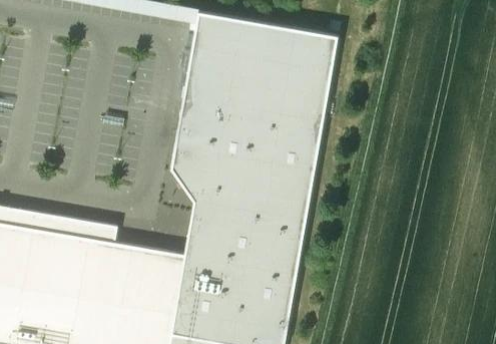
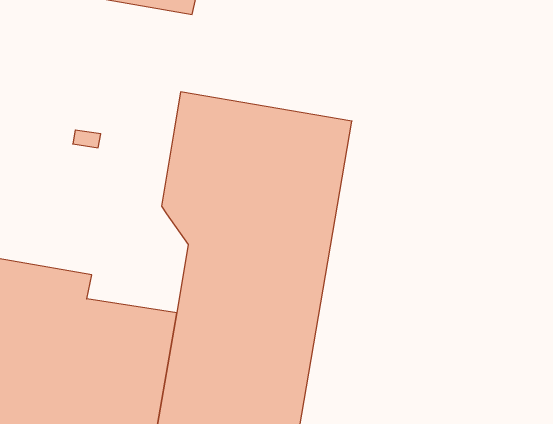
building: [188,15,340,104] -> none

